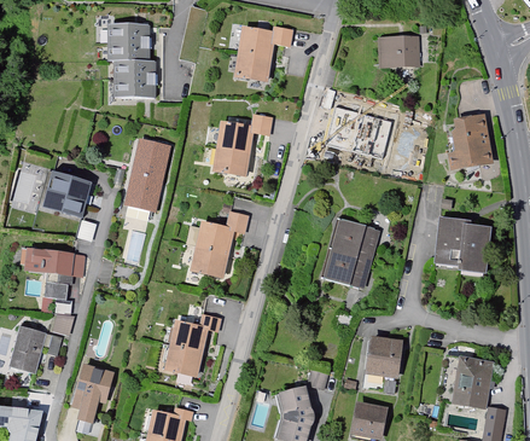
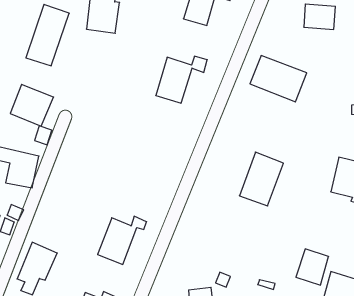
building: [123,138,169,210] -> [26,4,69,66]
building: [191,210,247,275] -> none
building: [366,335,402,376] -> [296,249,329,285]

